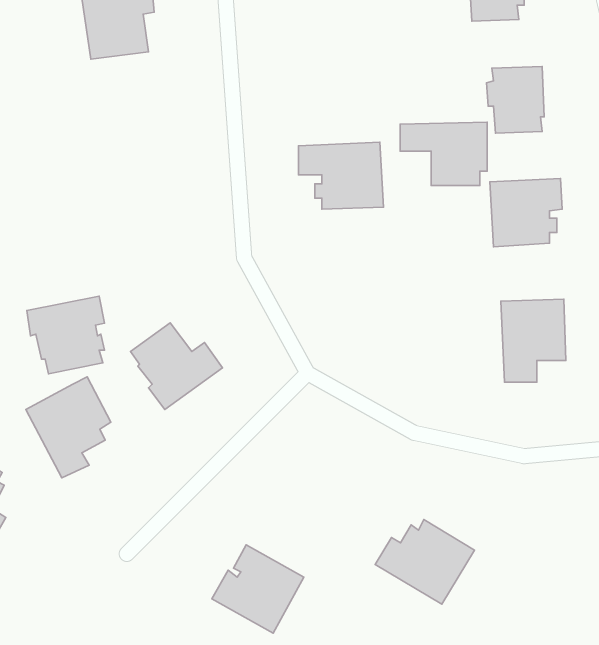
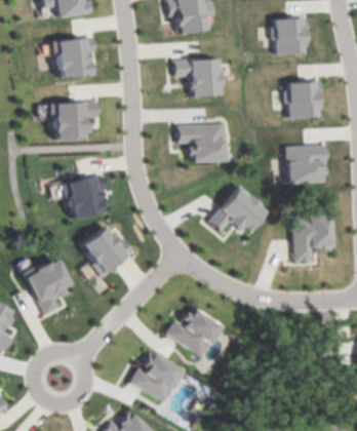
building: none -> [53,102,102,140]
building: [400,122,487,185] -> [174,60,224,95]
building: none -> [209,187,266,235]
building: [27,296,105,374] -> [64,175,108,220]
building: [375,519,474,604] -> [165,309,222,357]

